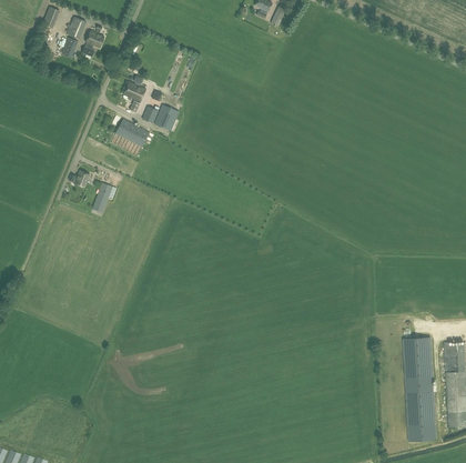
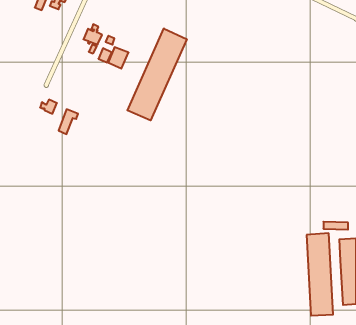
building: none -> [127,28,187,120]
building: [115,119,150,148] -> none

